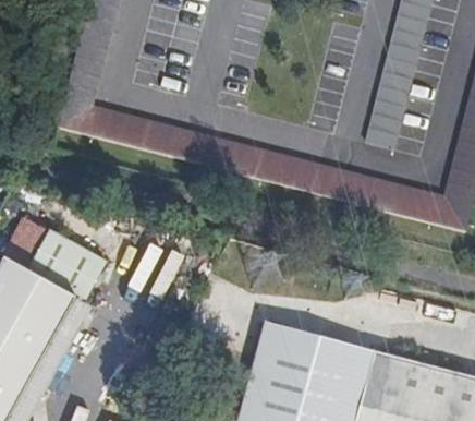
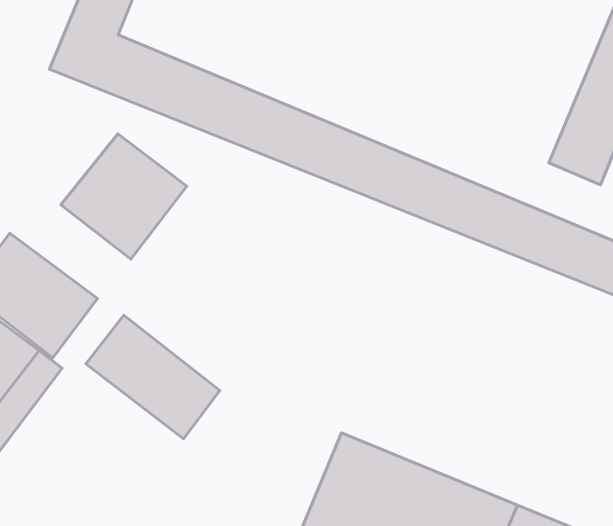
building: none -> [61,134,187,259]
building: none -> [86,315,220,439]

